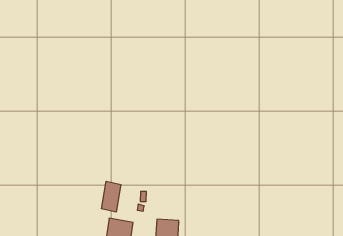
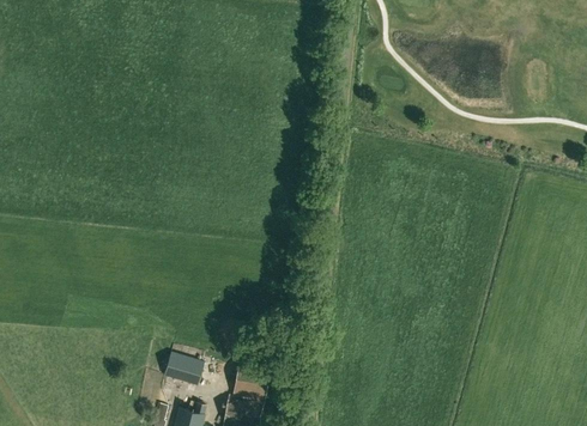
building: [101,181,121,212] -> none

